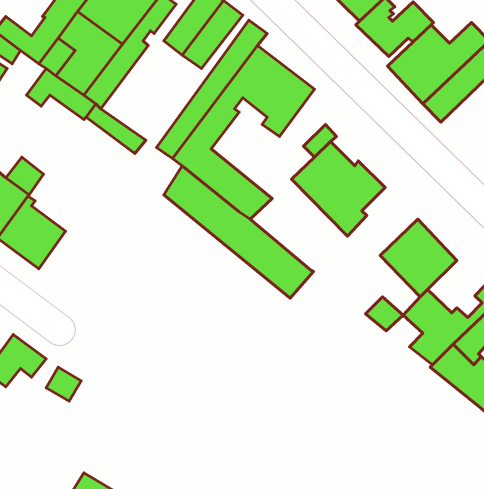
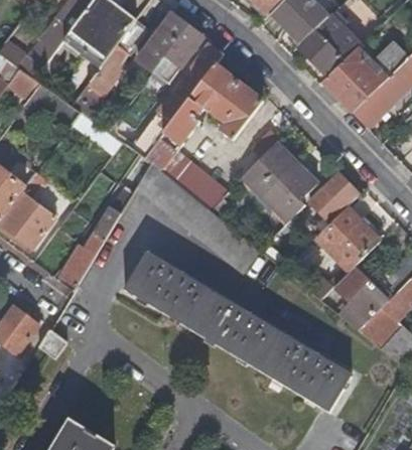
building: none -> [308,172,359,222]
building: none -> [60,204,122,286]
building: none -> [125,253,352,412]

